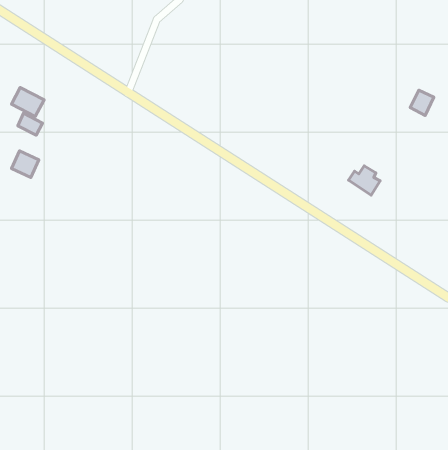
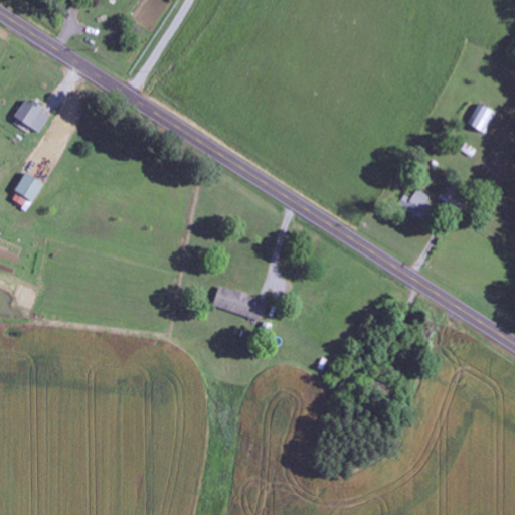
building: [18,113,43,135] -> none
building: none -> [211,286,268,321]

